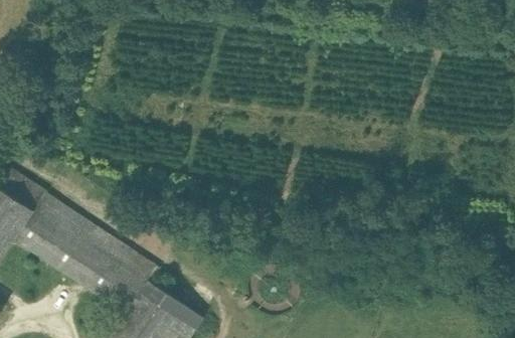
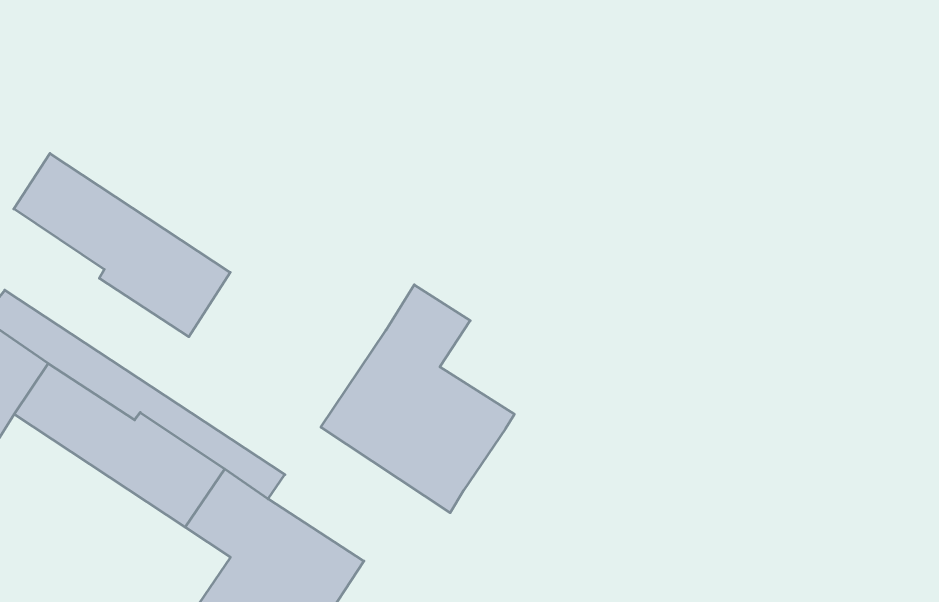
building: none -> [14,153,230,337]
building: none -> [321,285,514,513]

